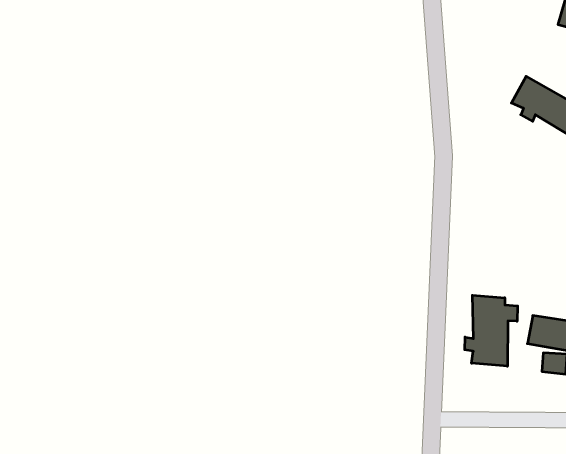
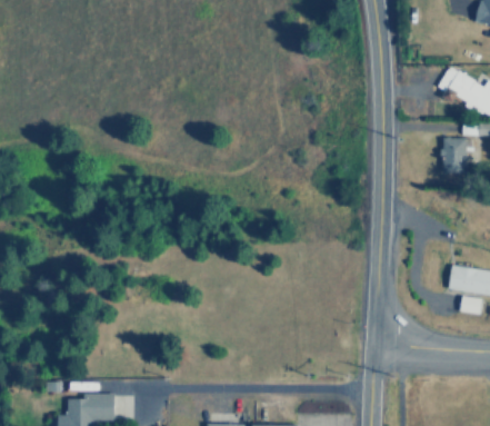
building: none -> [442,138,468,174]
building: [465,295,518,366] -> none

